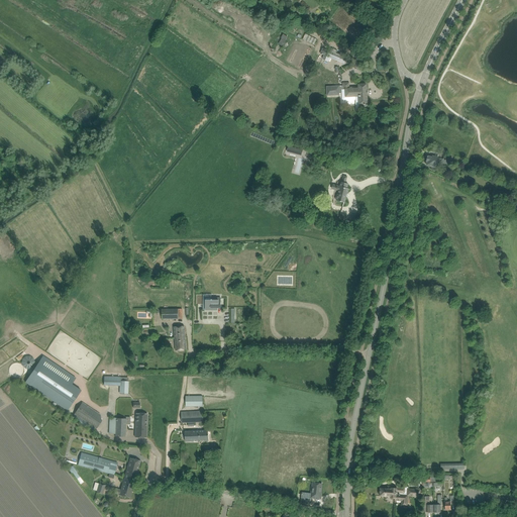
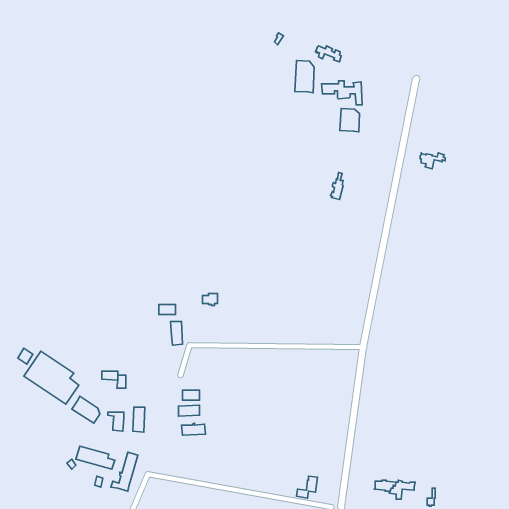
building: none -> [295,61,314,93]
building: none -> [340,108,359,132]

